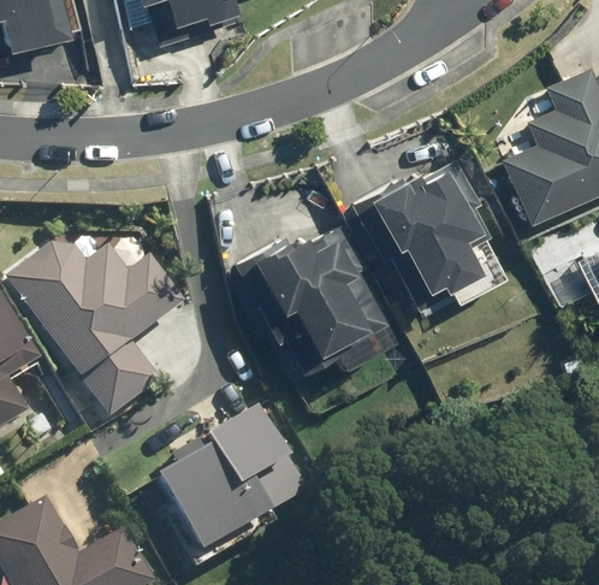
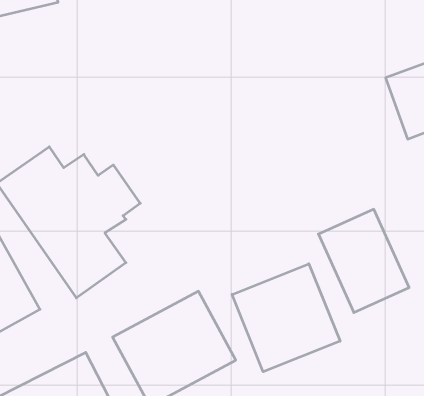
building: [369,176,484,306] -> [318,209,409,313]
building: [235,212,389,374] -> none
building: none -> [232,264,340,372]

